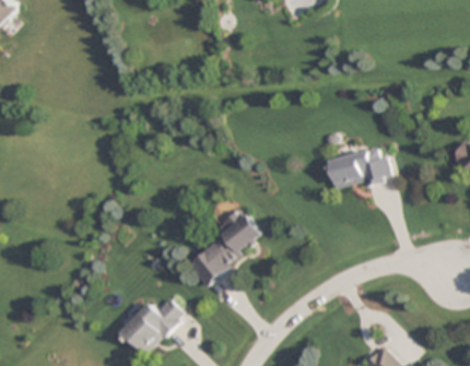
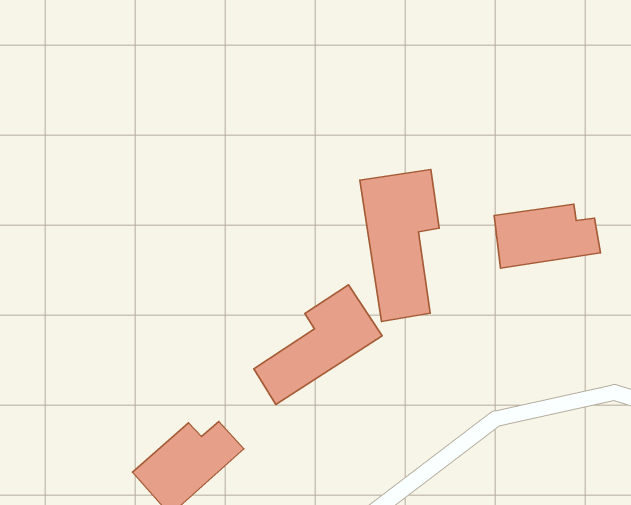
building: none -> [360,170,439,322]

